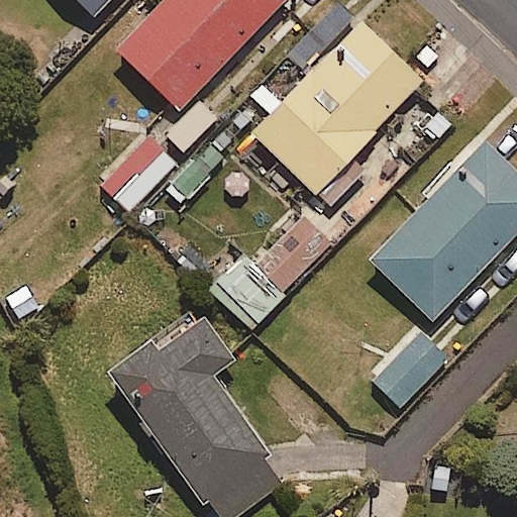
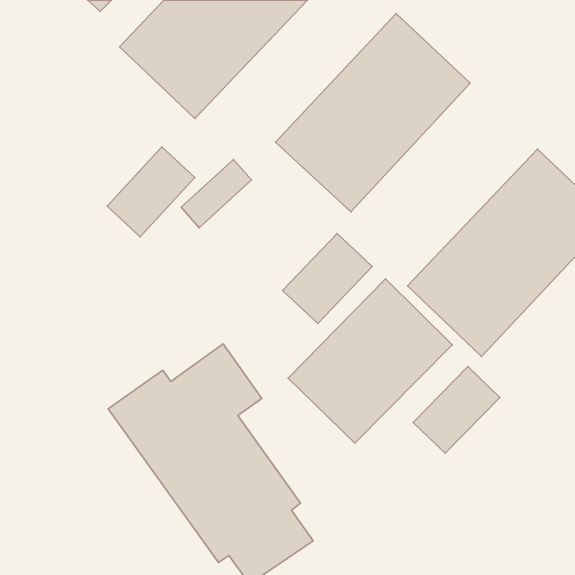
building: none -> [288,279,452,443]

